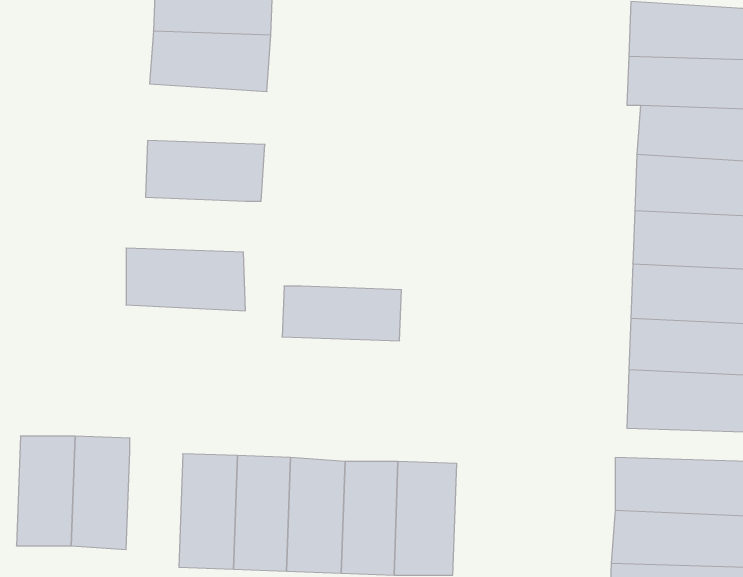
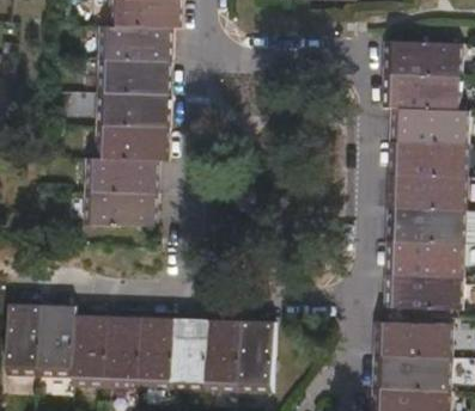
building: none -> [95,90,168,127]
building: [282,286,401,341] -> [81,159,154,192]
building: none -> [81,314,116,385]

